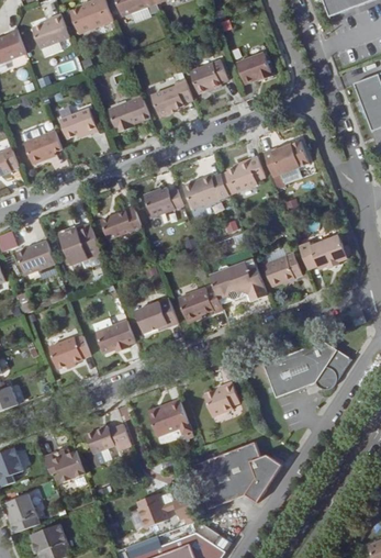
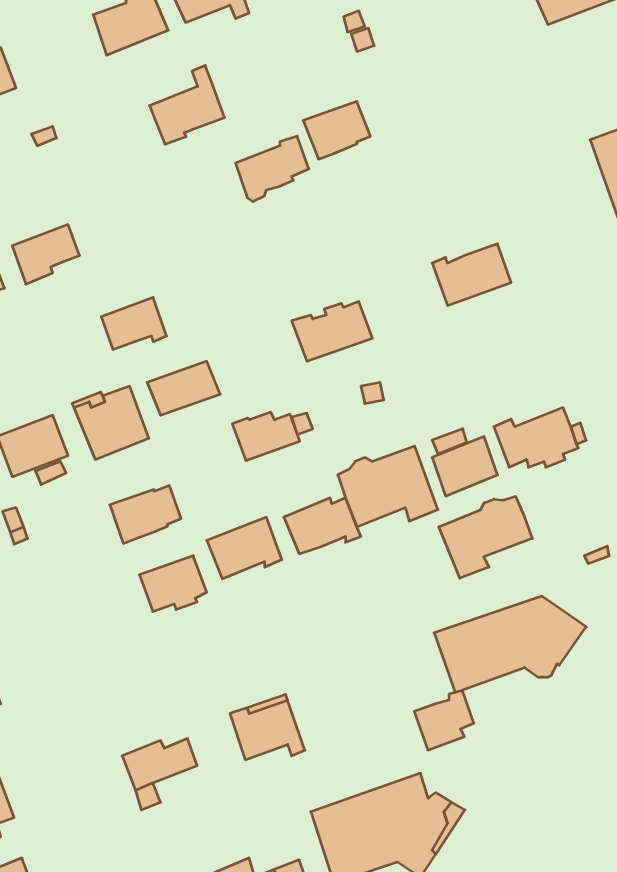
building: [32,13,70,49] -> none
building: [236,53,272,85] -> none
building: [108,88,150,133] -> [149,65,225,144]
building: [59,109,97,138] -> [101,297,167,349]
building: [222,157,265,196] -> none
building: [145,189,183,216] -> [232,412,300,460]
building: none -> [439,496,532,578]
building: [49,335,90,368] -> [110,486,181,543]
building: [205,382,239,416] -> [414,690,474,750]
building: [45,447,86,481] -> none

